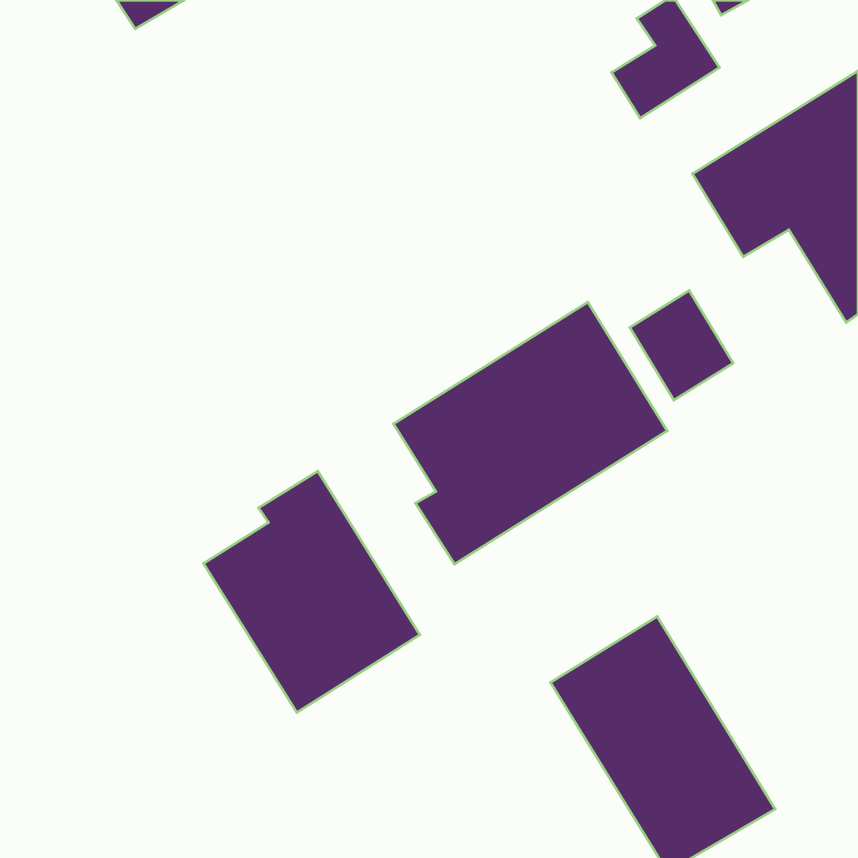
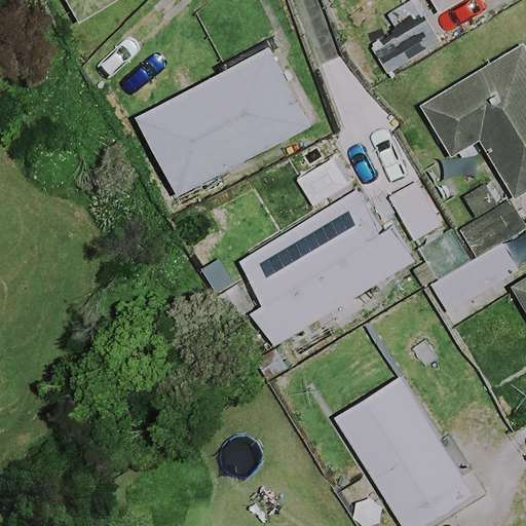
building: none -> [140,49,309,193]
building: [203,471,420,713] -> none

